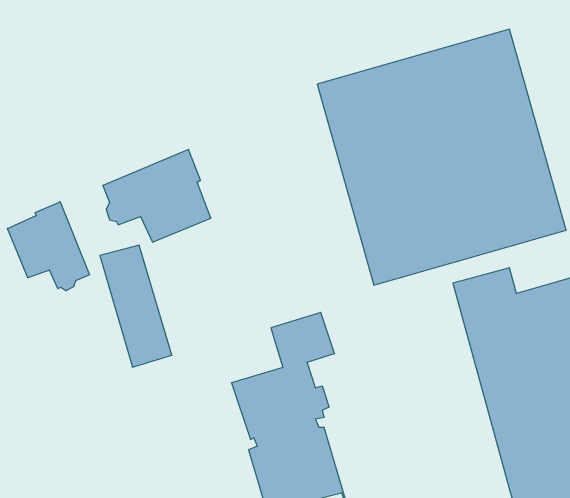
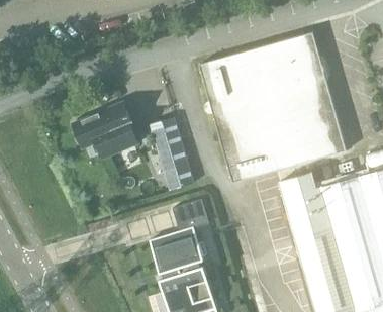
building: [7,202,90,291] -> none
building: [100,245,172,367] -> [151,118,193,190]

